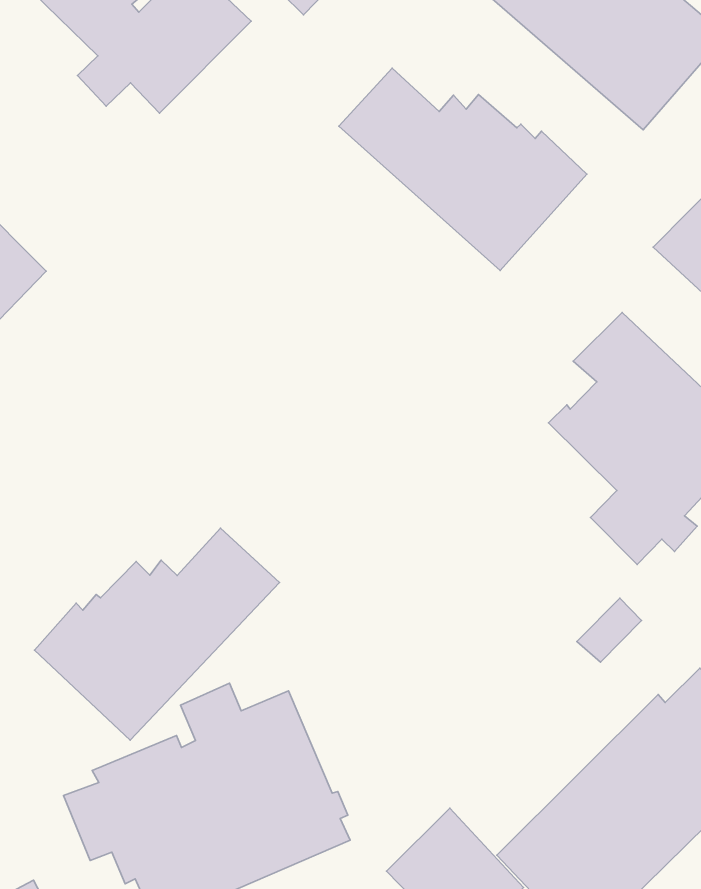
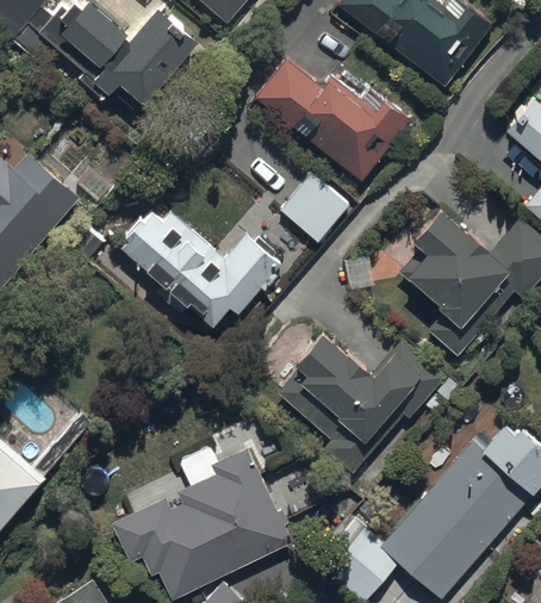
building: none -> [281,181,352,250]
building: none -> [118,220,284,336]
building: none -> [276,324,442,474]
building: [34,528,280,740] -> none

